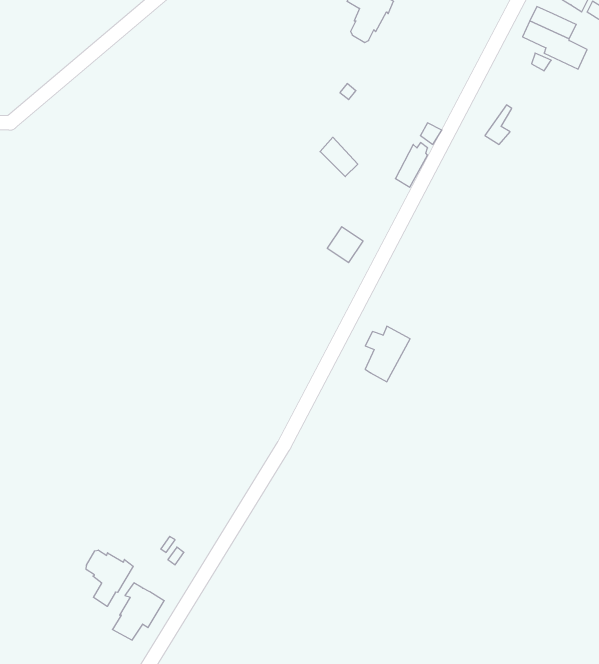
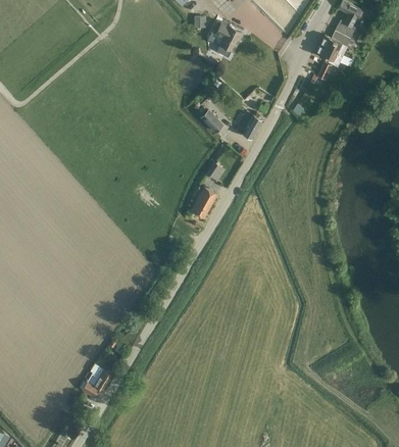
building: [365,326,410,382] -> [191,187,216,218]
building: [86,550,133,606] -> none

